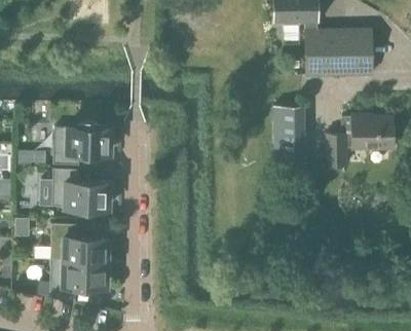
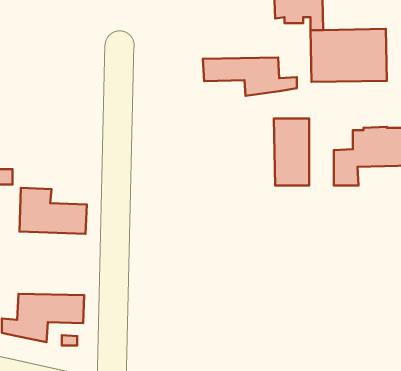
building: none -> [203,58,297,96]
building: [52,122,110,166] -> none
building: [49,224,107,262] -> none

